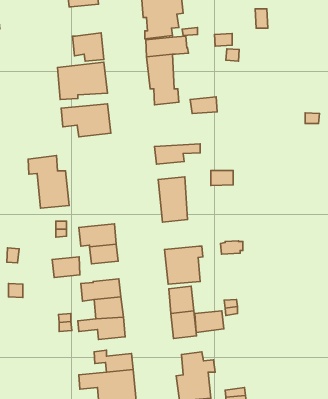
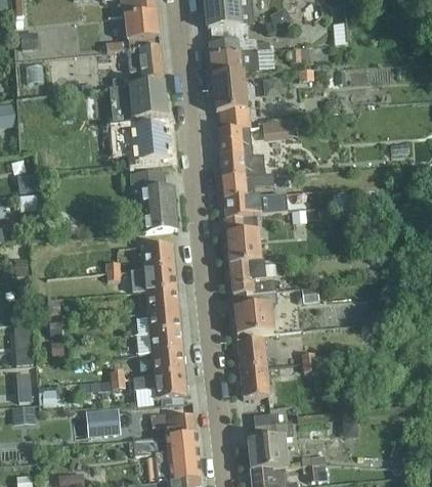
building: none -> [105,13,160,50]
building: none -> [217,126,264,177]
building: [28,156,69,208] -> [132,172,179,232]
building: none -> [223,193,279,215]
building: none -> [142,244,175,269]
building: none -> [230,261,272,296]
building: [52,257,80,277] -> [148,309,180,333]
building: [195,311,224,333] -> none
building: none -> [90,411,119,437]

